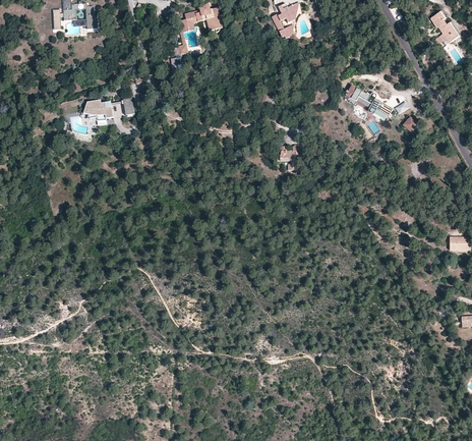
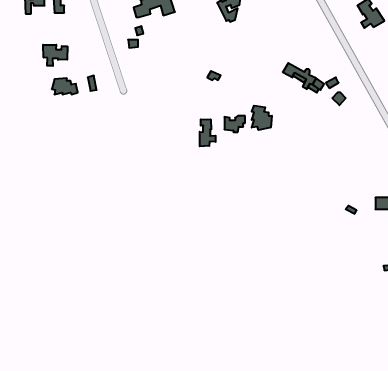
building: none -> [43,45,67,66]
building: none -> [252,106,272,130]
building: none -> [200,119,216,146]

